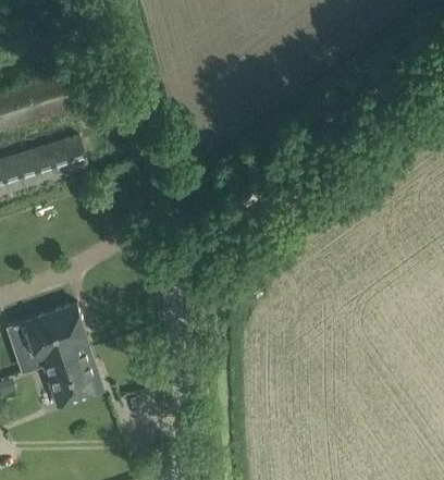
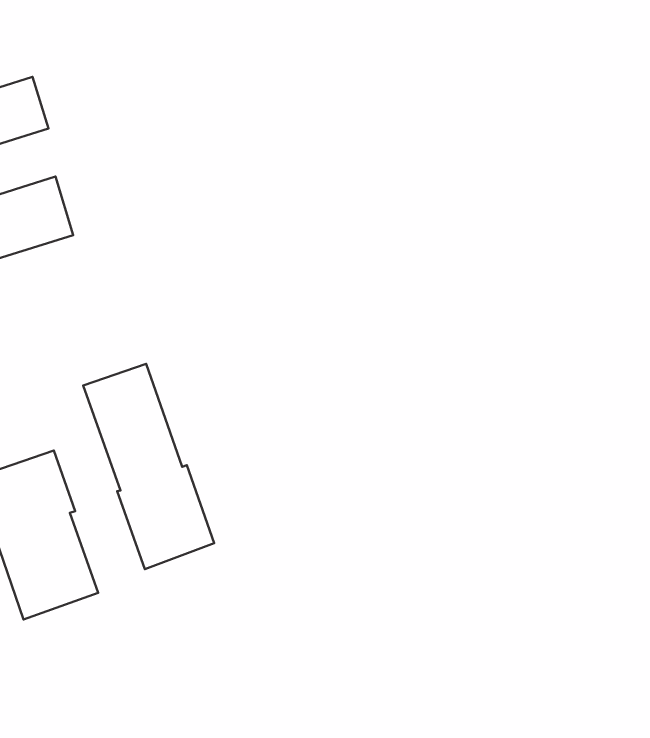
building: none -> [83,364,214,569]

